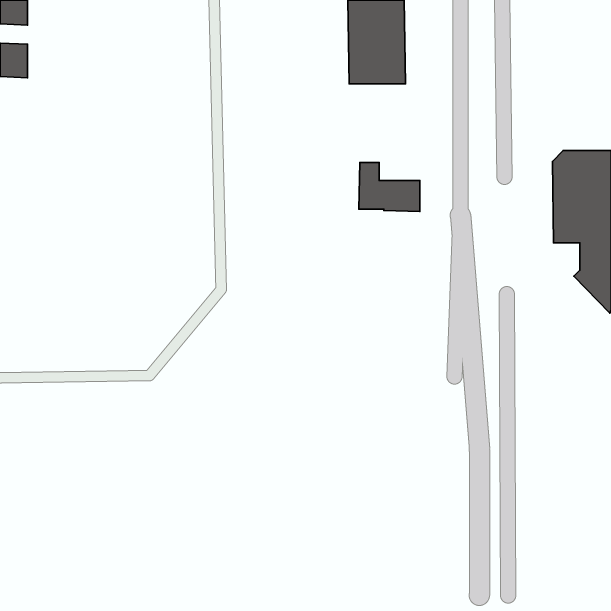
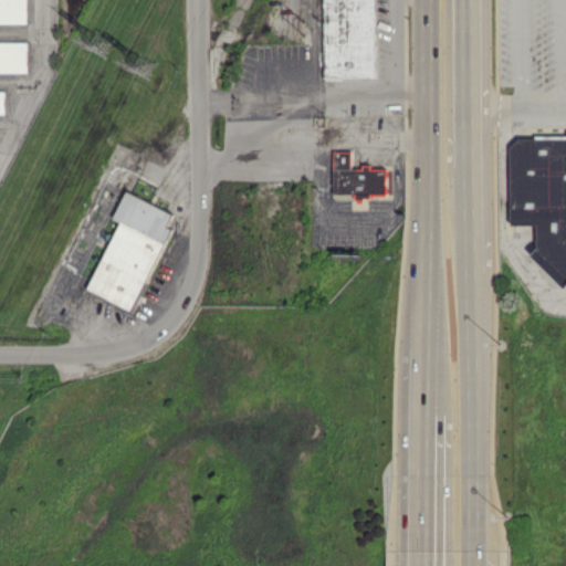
building: none -> [87,190,171,310]

